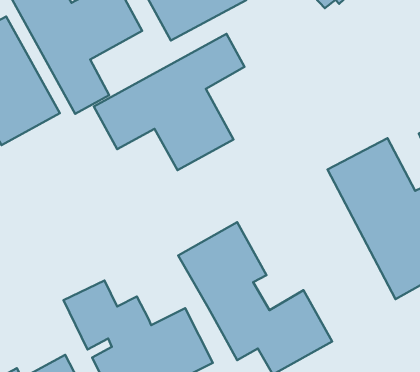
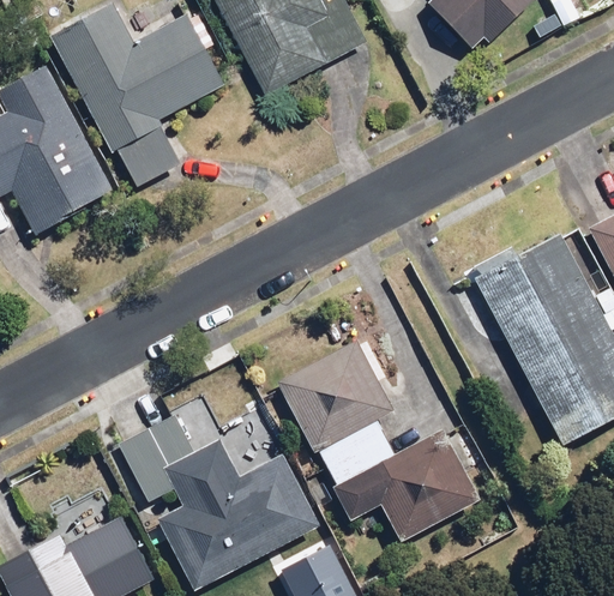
building: [94,34,244,170] -> none

